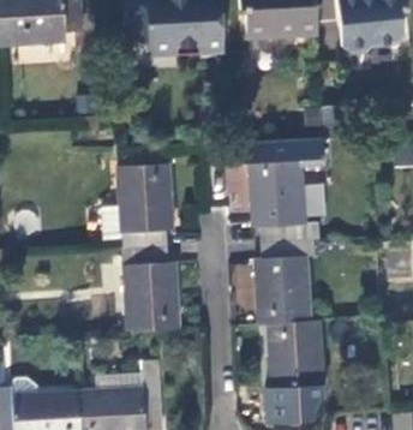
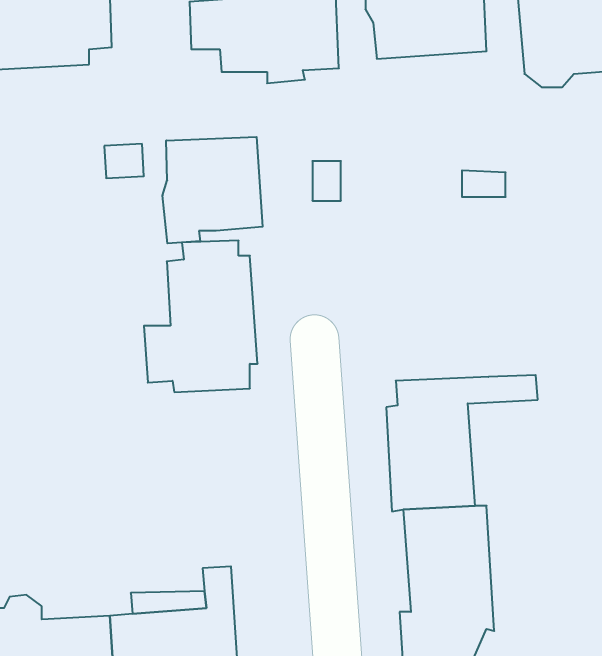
building: none -> [163,137,263,243]
building: [234,137,325,243] -> none
building: [121,247,180,332] -> none

